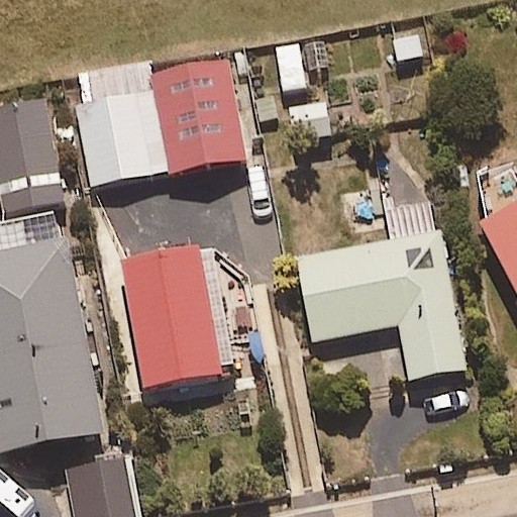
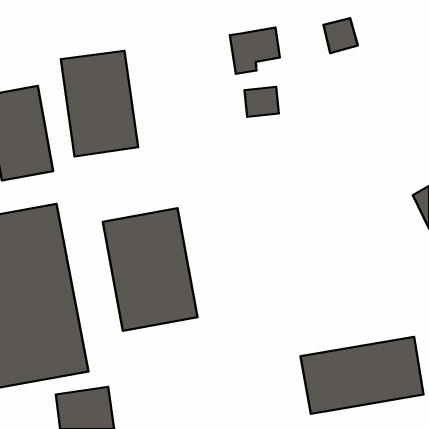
building: [148,63,244,173] -> none
building: [297,199,464,380] -> none
building: none -> [300,337,424,414]

